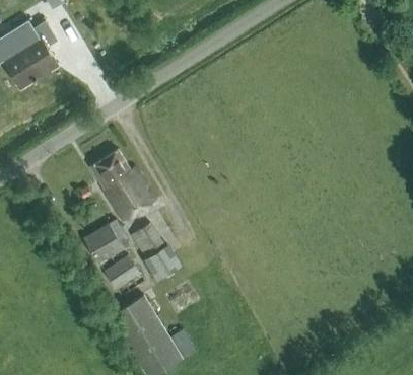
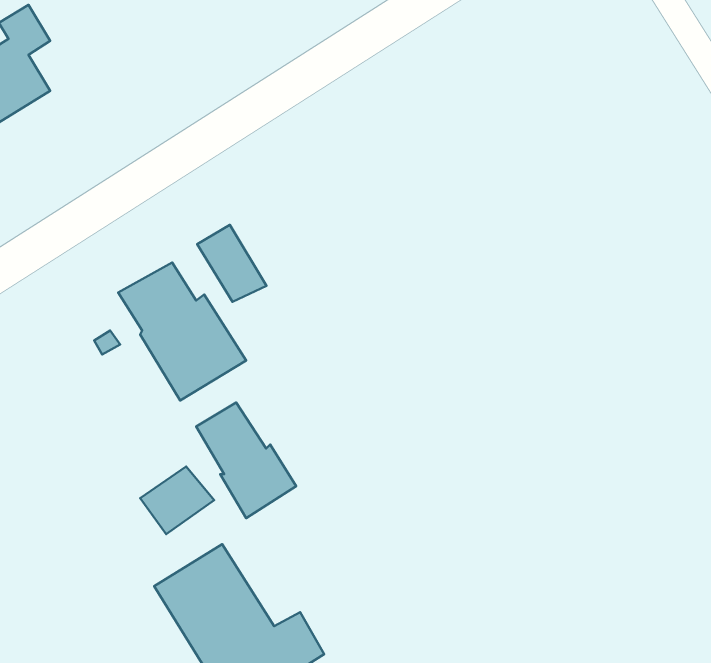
building: none -> [197,225,267,302]
building: [82,221,128,264] -> none

